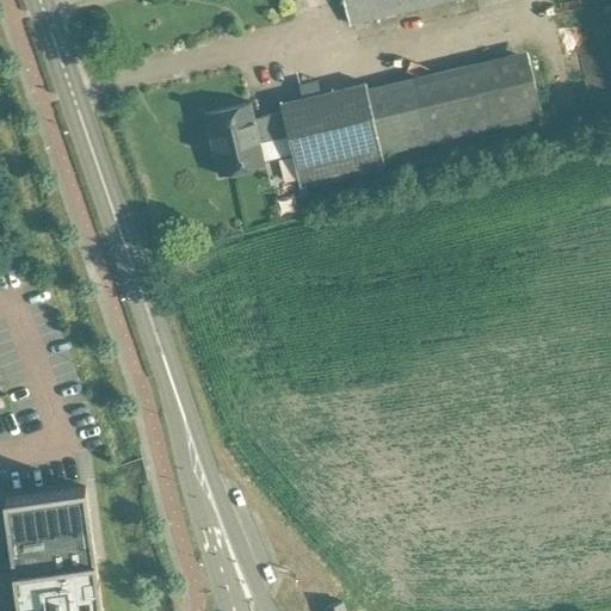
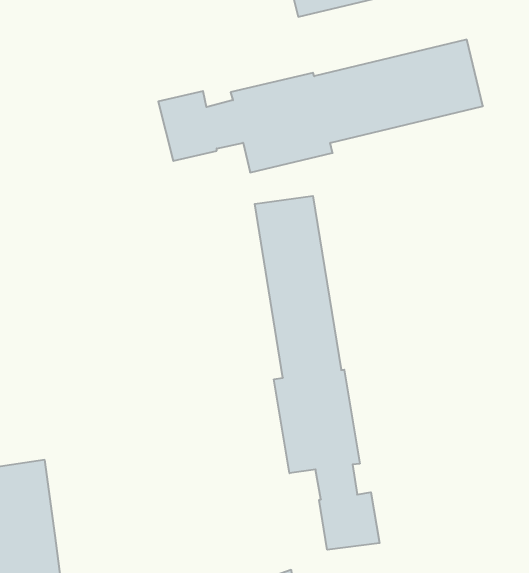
building: none -> [255,196,380,550]

